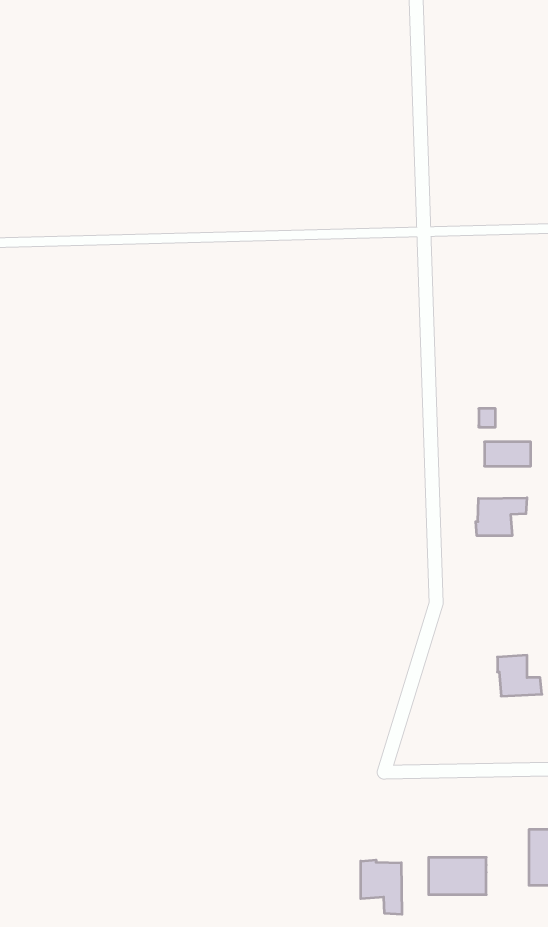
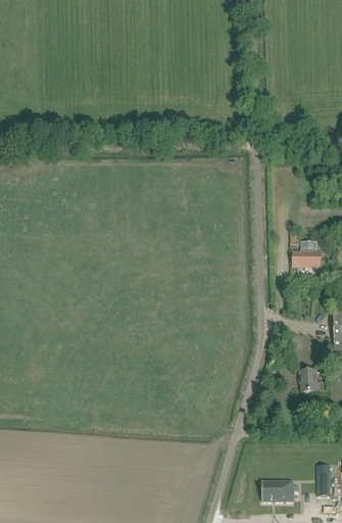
building: [476,498,527,536] -> none
building: [361,860,402,914] -> none

